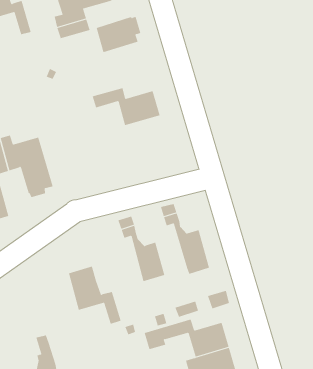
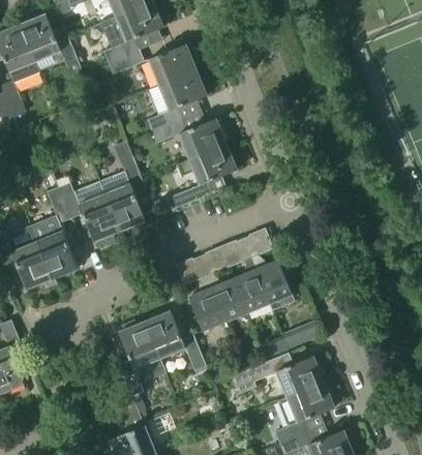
building: none -> [146,69,205,131]
building: none -> [164,145,235,209]
building: none -> [99,156,145,233]
building: none -> [234,257,269,312]
building: none -> [188,275,224,331]
building: none -> [117,320,162,396]

